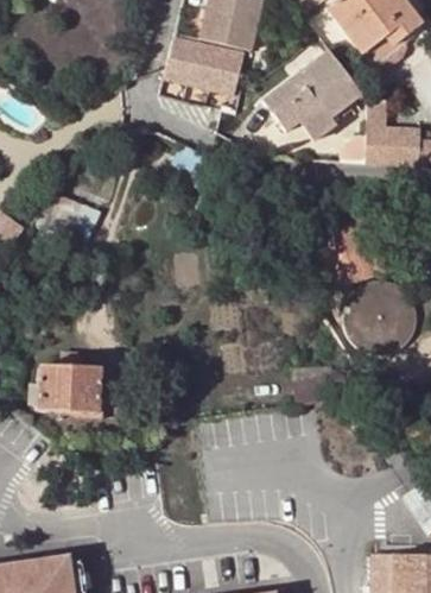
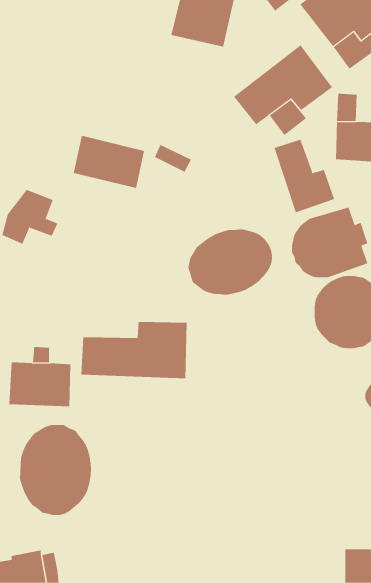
building: [167,39,240,93] -> [73,135,145,189]
building: none -> [274,139,335,213]
building: none -> [188,228,272,295]
building: none -> [81,321,187,379]
building: none -> [20,424,91,516]

